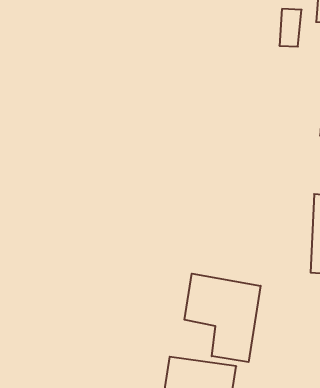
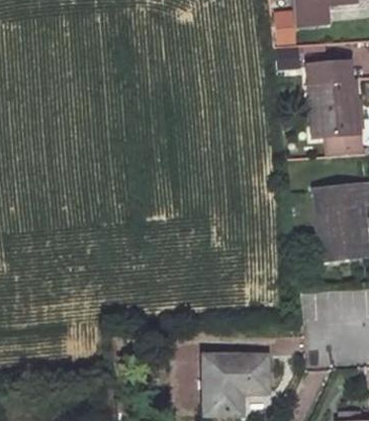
building: [184,274,261,362] -> none

